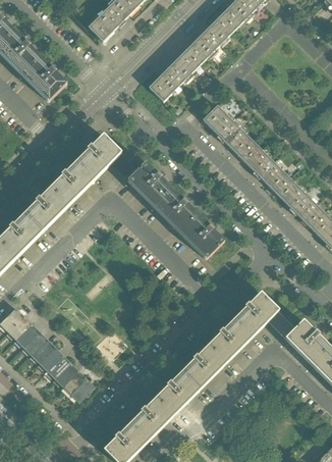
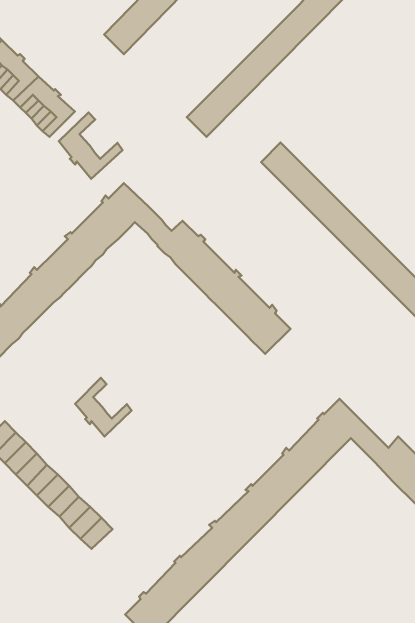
building: none -> [59,112,123,179]
building: none -> [75,378,132,436]

